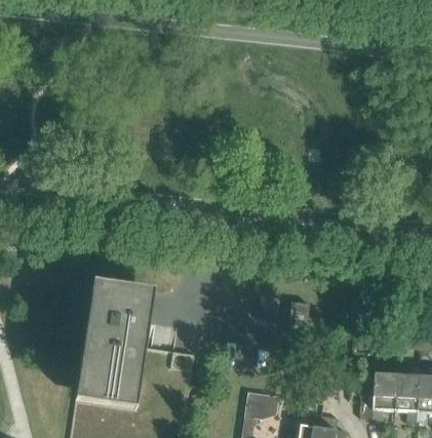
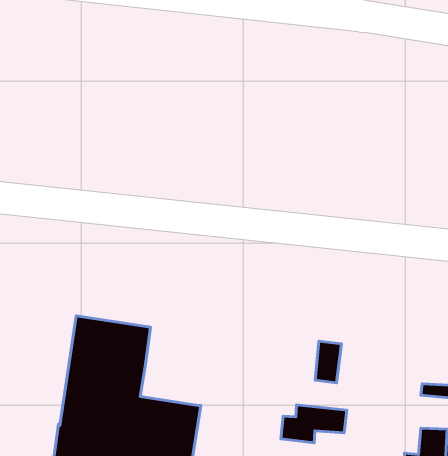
building: none -> [281,405,347,443]

